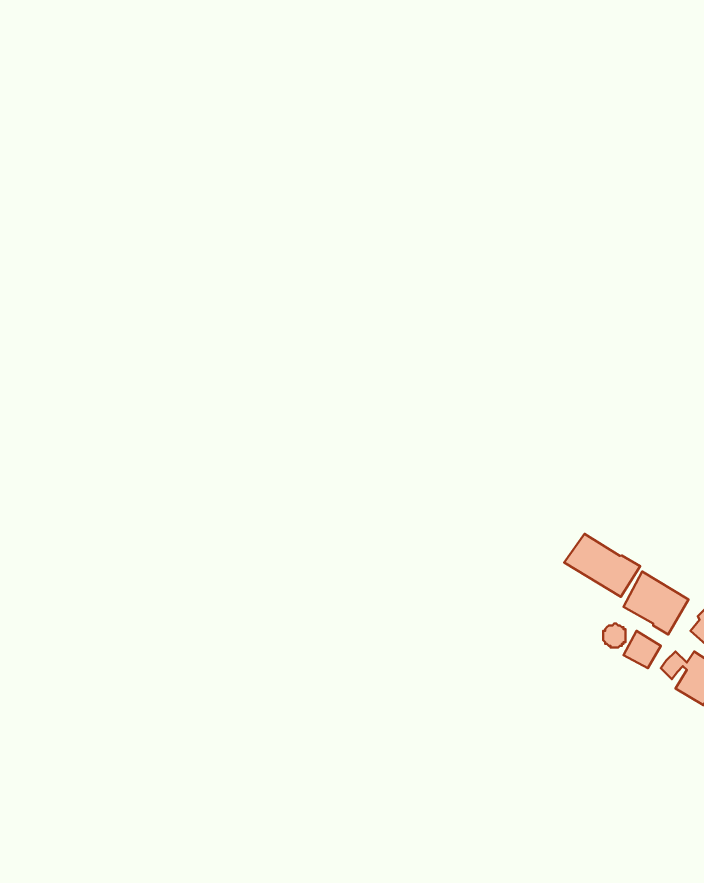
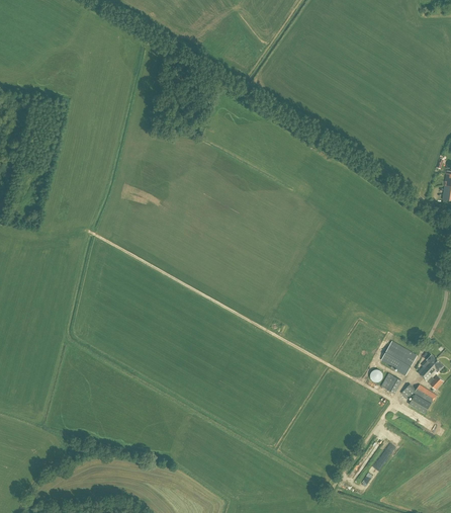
building: [564,534,640,597] -> none

